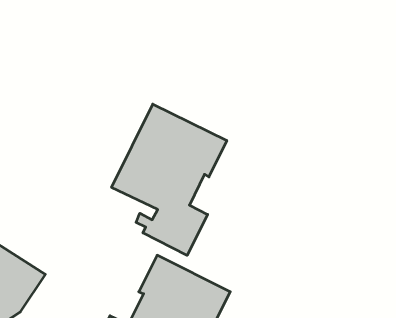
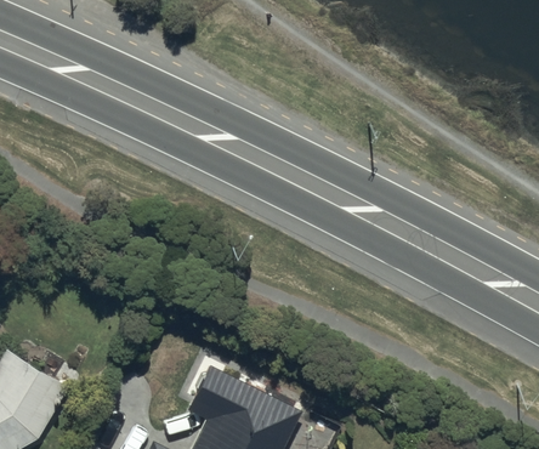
building: [112,104,227,255] -> none

